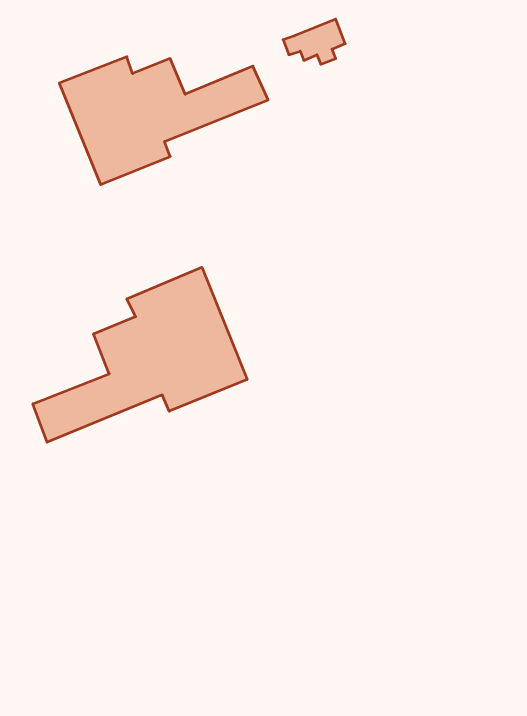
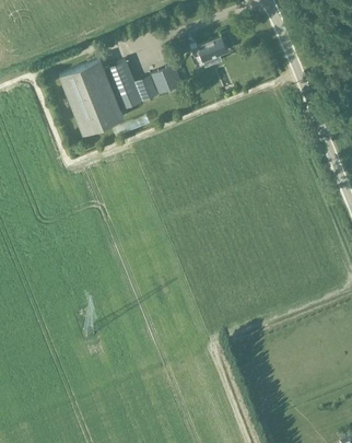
building: [33,267,247,442] -> none

